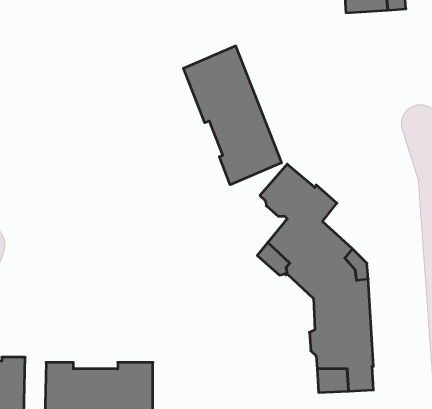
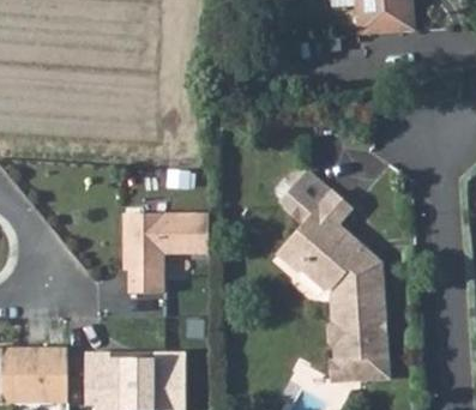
building: [183,46,281,185] -> none
building: none -> [122,213,210,294]

